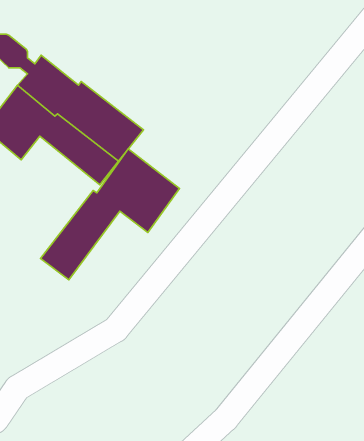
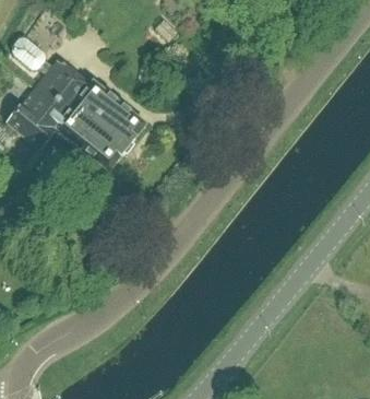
building: [41,149,180,280] -> none

